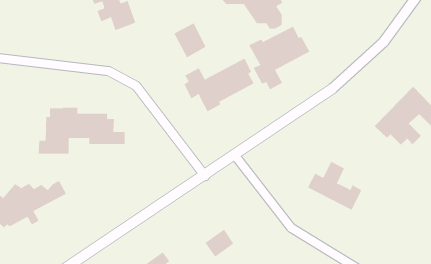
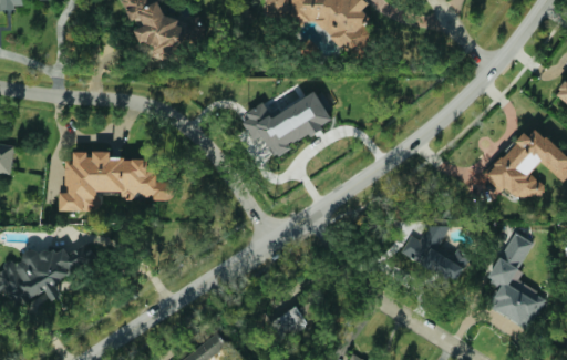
building: [174,23,206,58] -> none
building: [249,26,310,90] -> none
building: none -> [486,232,545,328]

